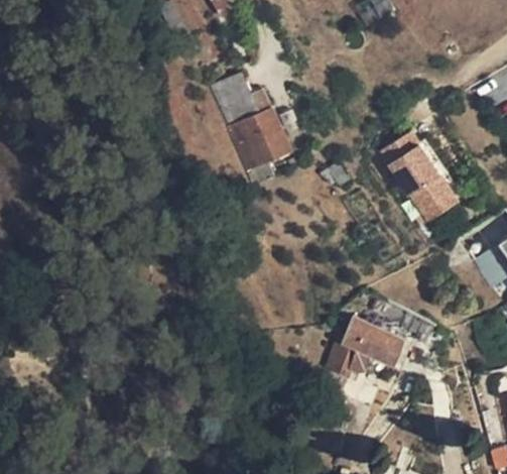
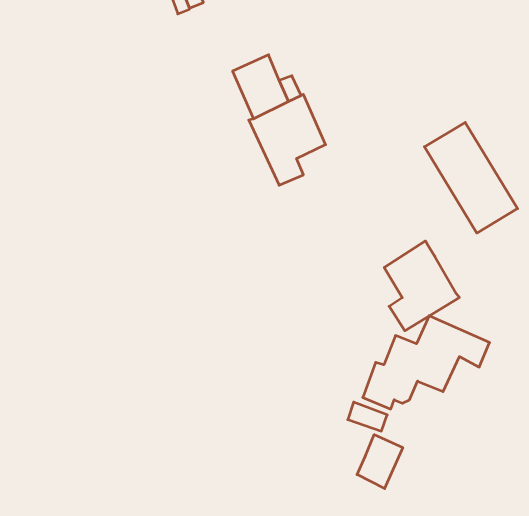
building: none -> [384,241,459,331]
building: none -> [357,435,403,489]

